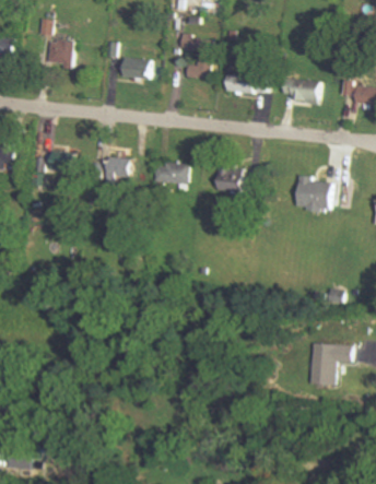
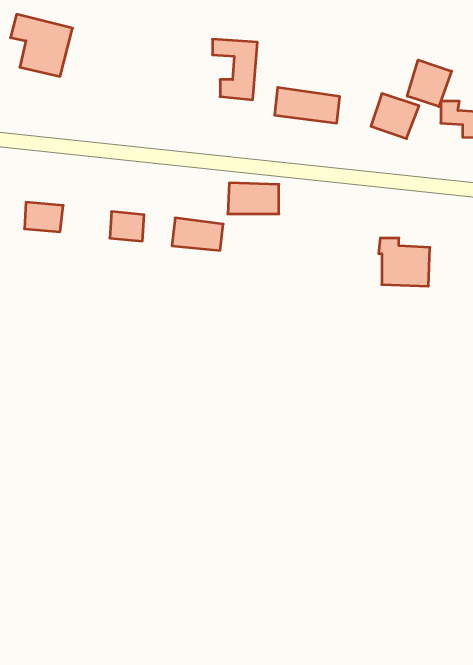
building: none -> [407,60,452,107]
building: [121,56,153,79] -> none
building: [215,169,251,191] -> [228,183,279,214]
building: [310,344,354,386] -> none

